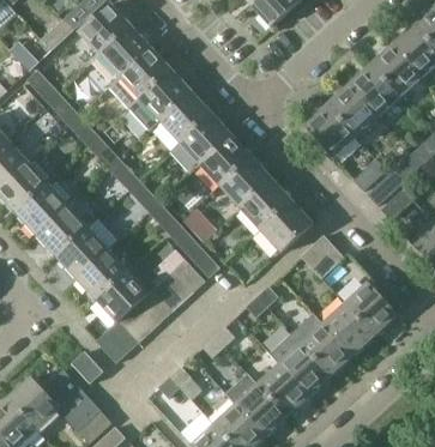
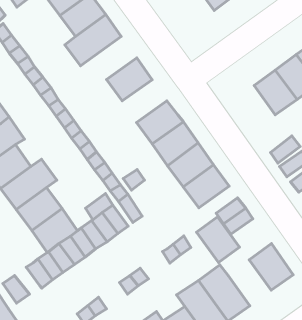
building: [129,70,192,129] -> none
building: [306,107,355,157] -> none
building: [181,114,231,164] -> none
building: [324,303,374,355] -> [196,217,239,263]

